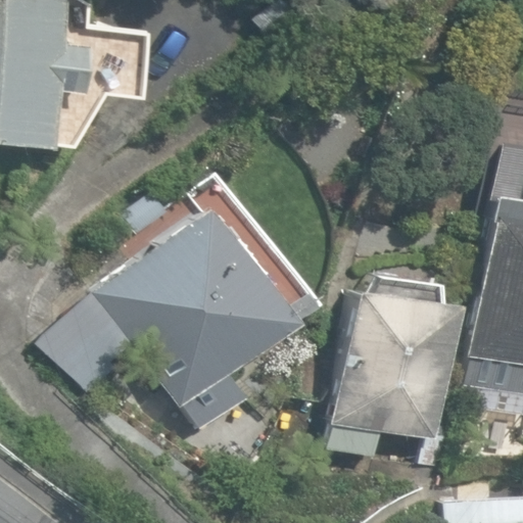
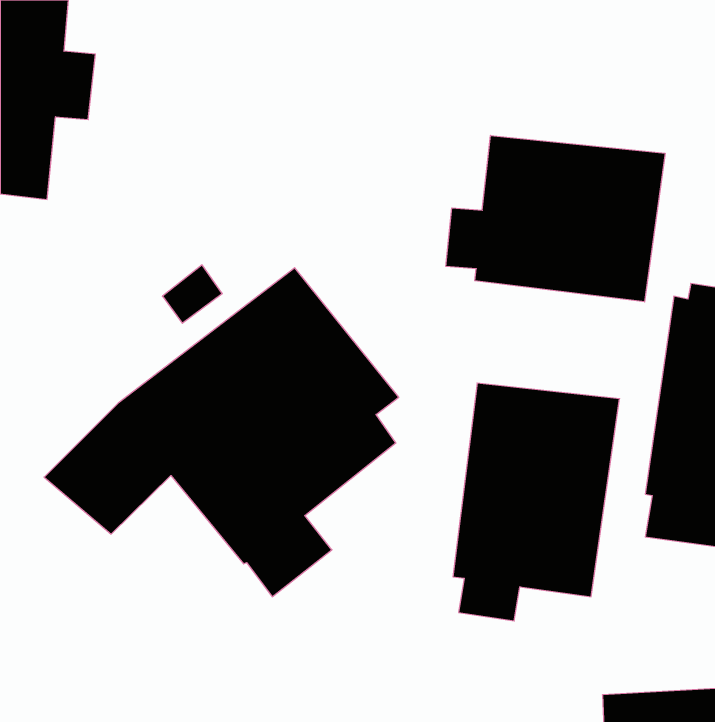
building: none -> [446,135,665,302]

